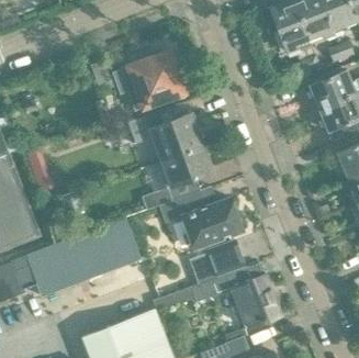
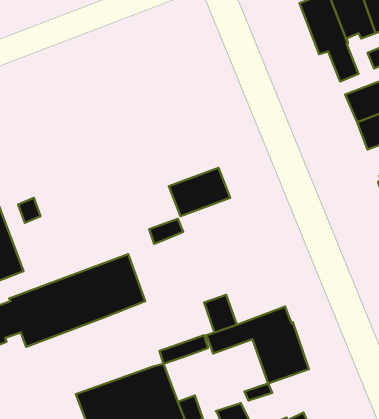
building: [91,47,188,110] -> none
building: [125,110,202,161] -> none
building: [177,190,243,248] -> none
building: [207,239,245,278] -> none

